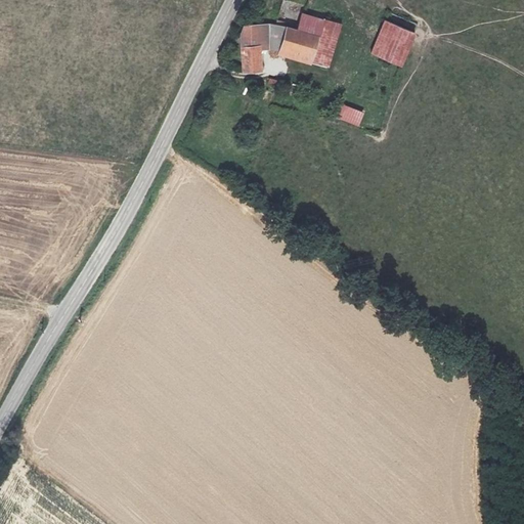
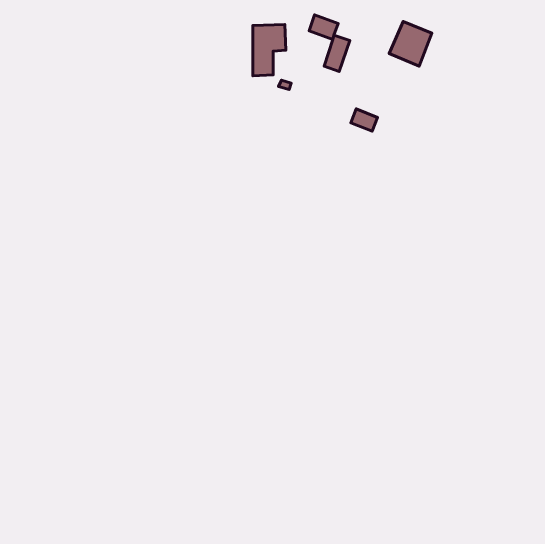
building: [281,27,319,63] -> none

